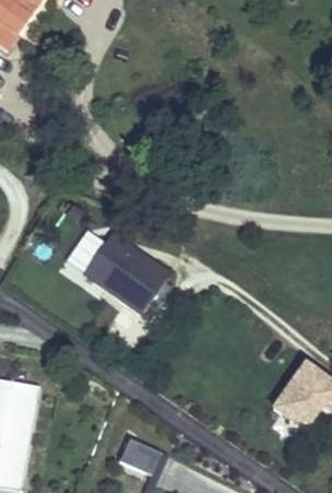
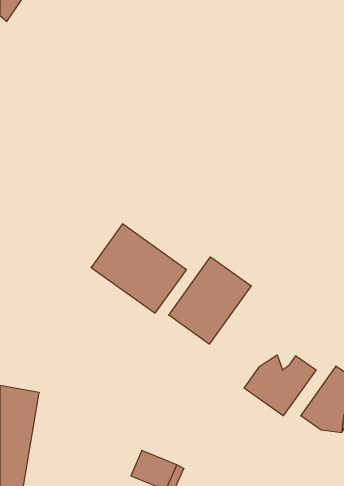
building: none -> [169,257,251,344]
building: none -> [244,355,316,416]

